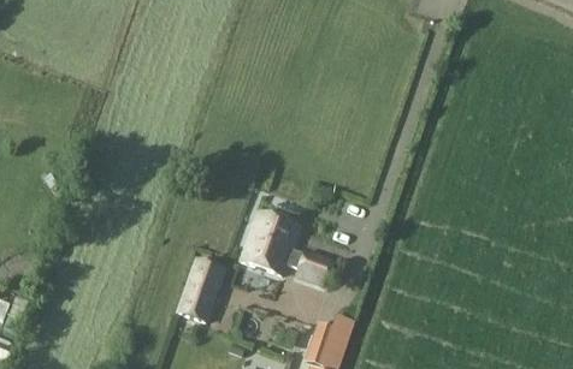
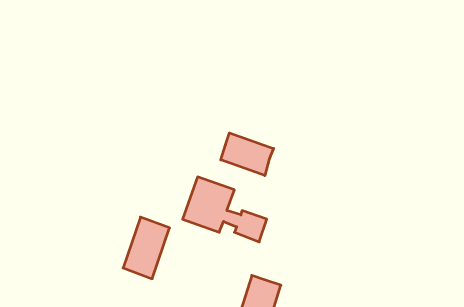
building: none -> [221,133,274,176]

